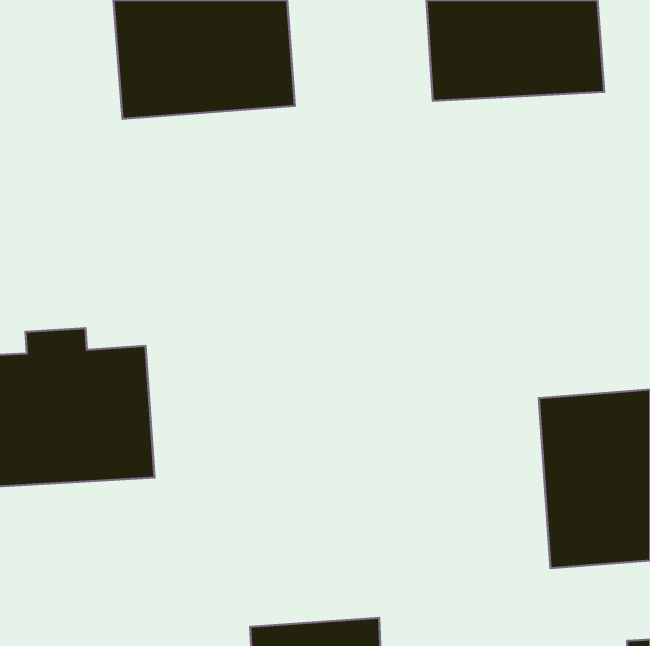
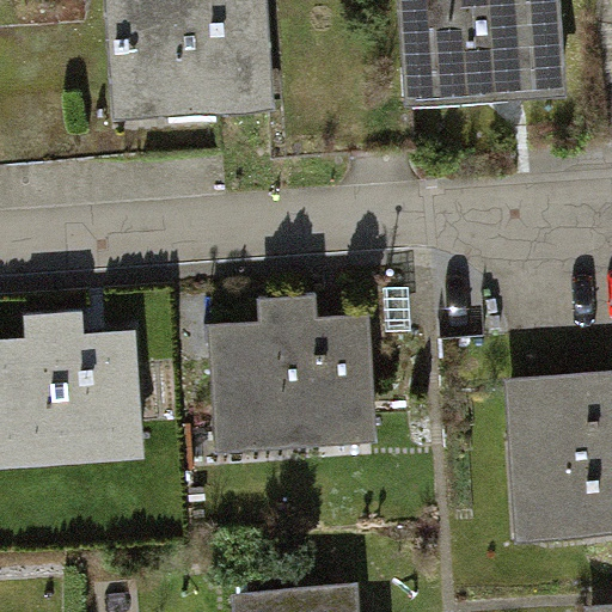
building: none -> [208,296,377,447]

